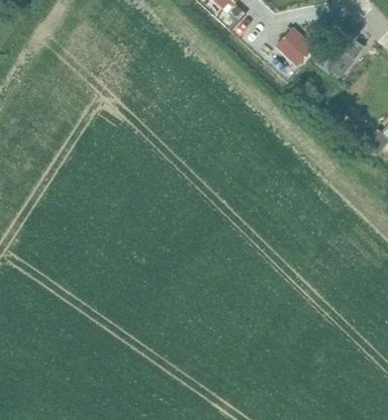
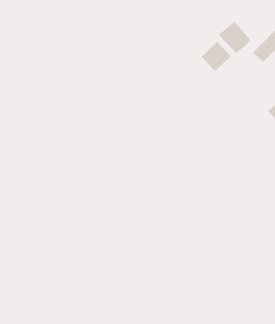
building: none -> [201,41,232,72]

